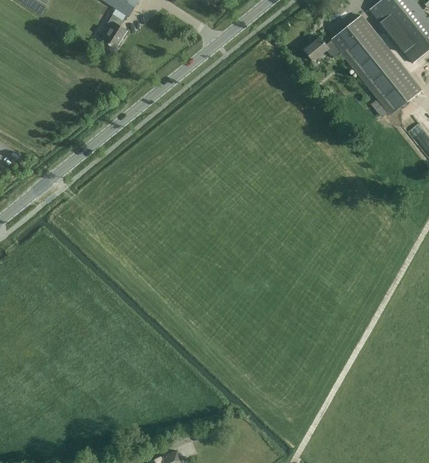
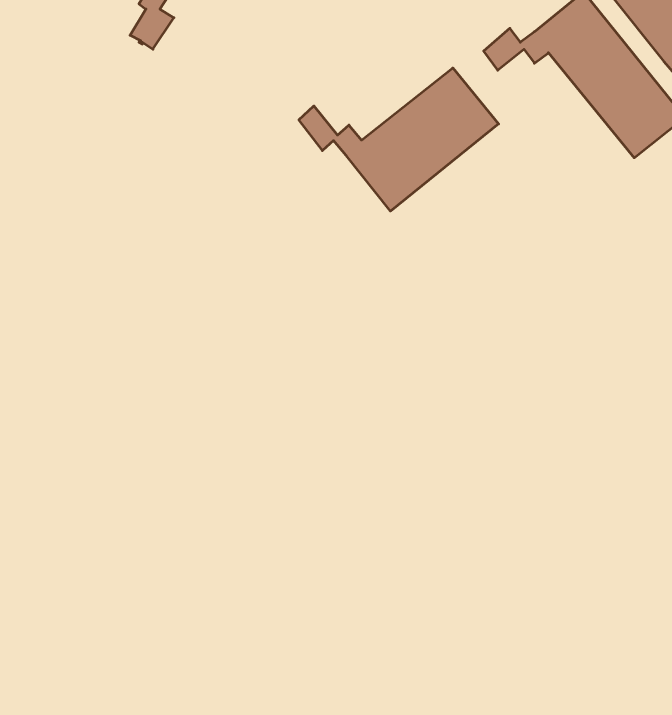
building: none -> [299,68,499,211]

